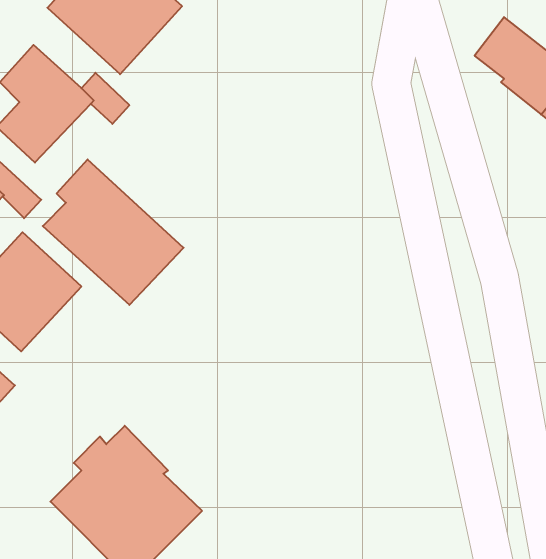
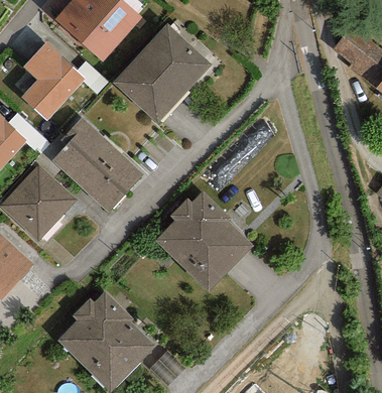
building: none -> [112,23,212,123]
building: none -> [155,190,253,291]

